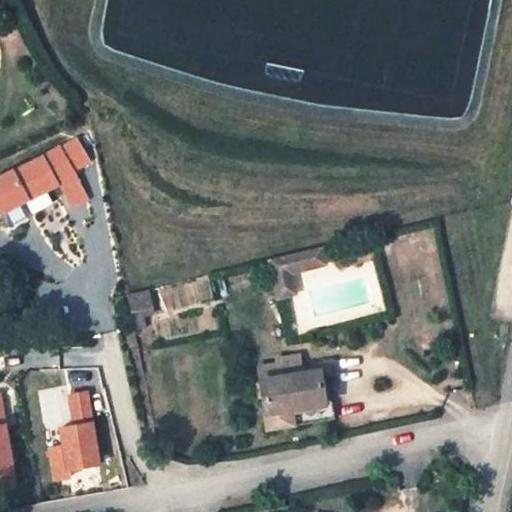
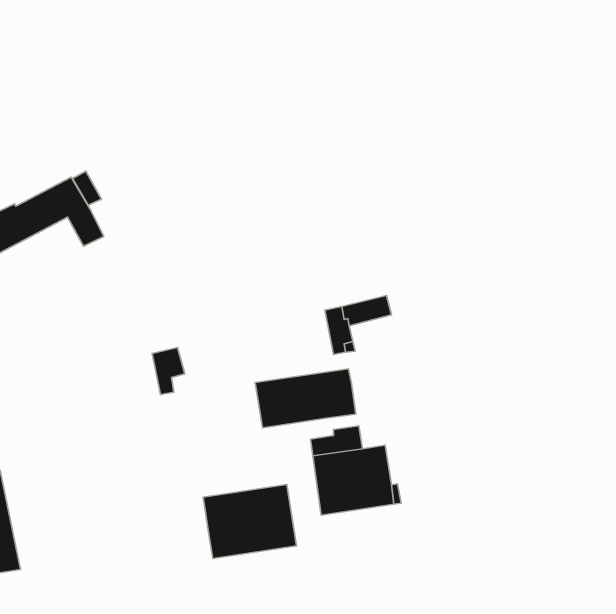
building: none -> [255,369,356,428]
building: [48,388,104,478] -> none
building: none -> [203,485,297,558]

